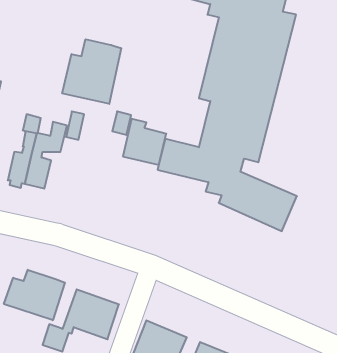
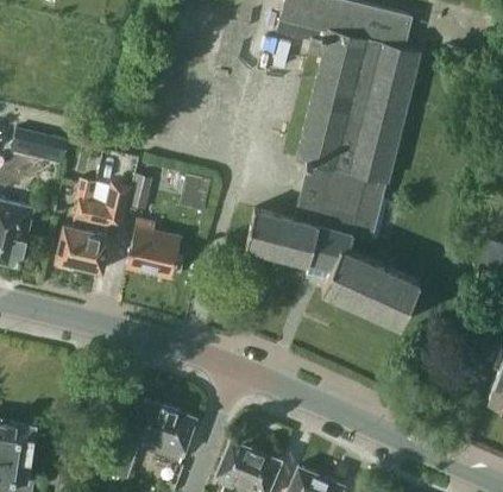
building: [62,39,121,104] -> none
building: [123,119,166,165] -> [126,221,181,279]
building: [4,270,65,320] -> none

